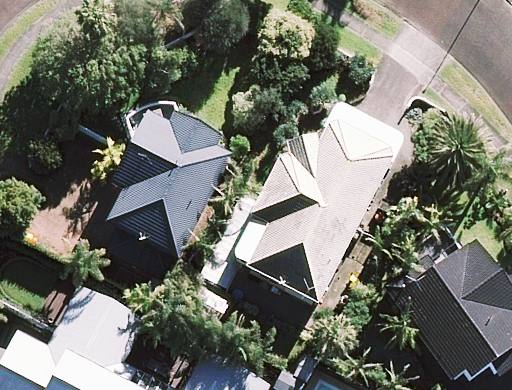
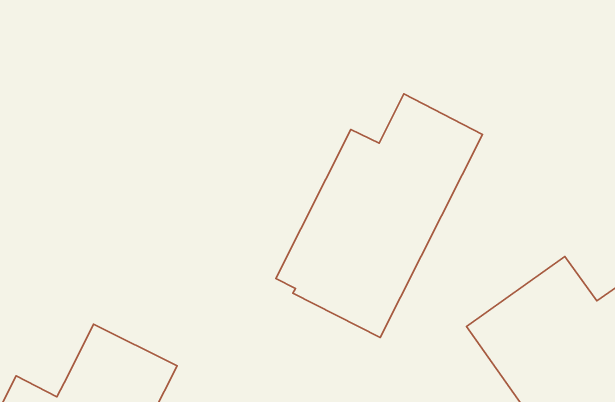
building: [106,112,227,277] -> none

